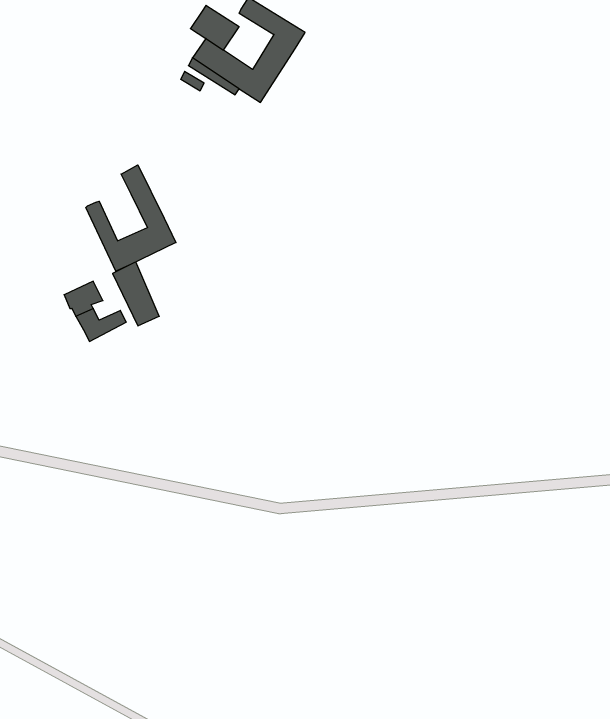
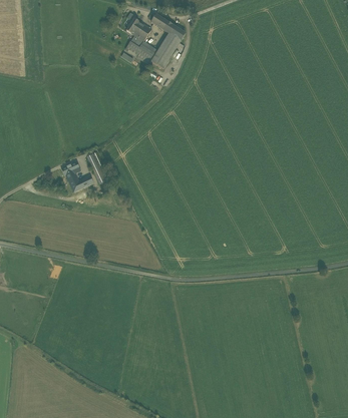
building: [86,165,176,271] -> none

